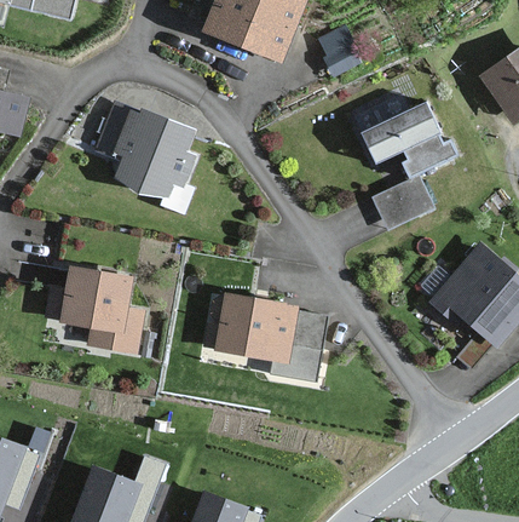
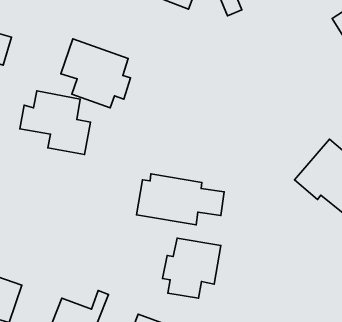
building: [358,102,461,231] -> none
building: [45,265,145,356] -> [20,91,90,154]
building: none -> [163,238,221,298]

